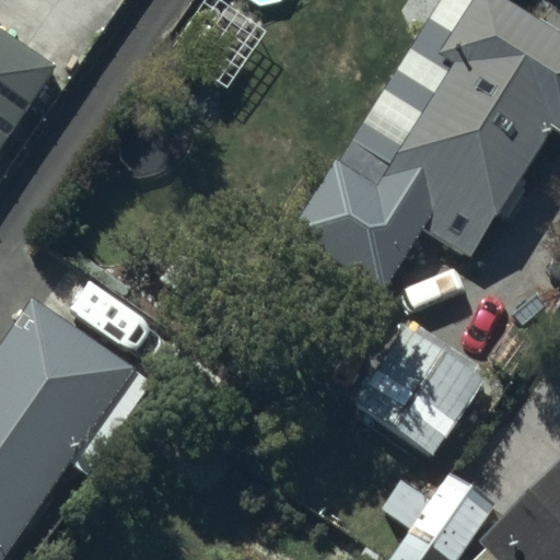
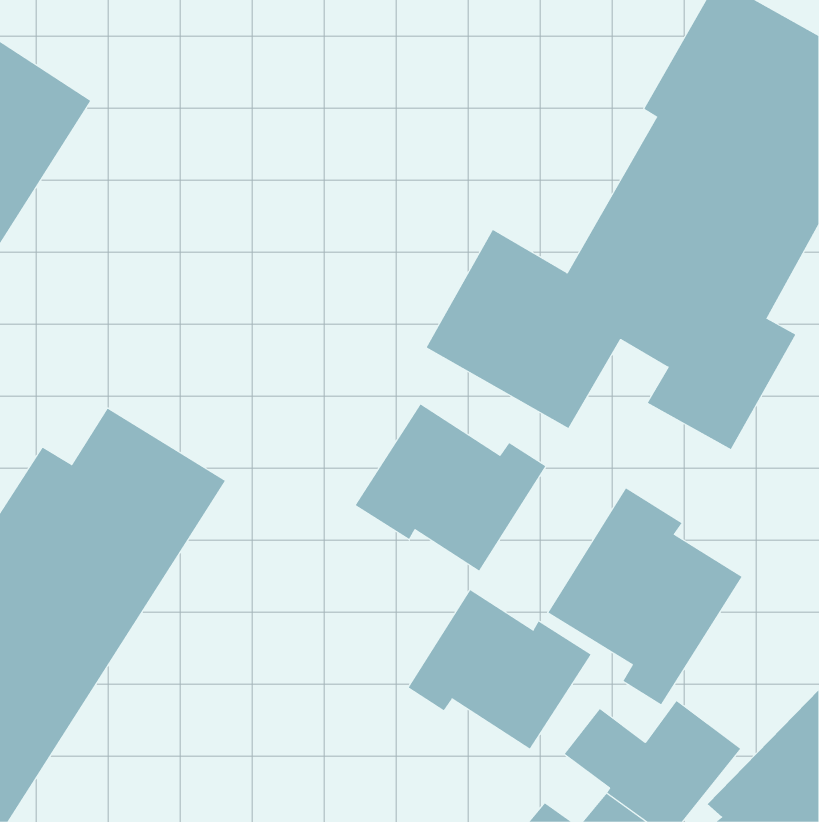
building: none -> [355,403,546,572]
building: none -> [408,589,591,749]

